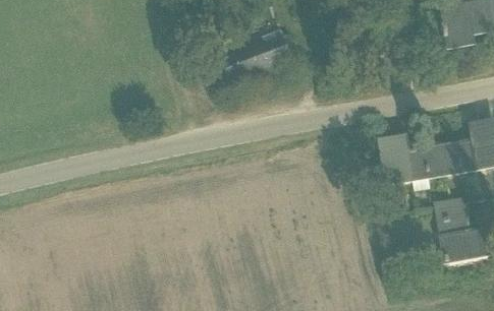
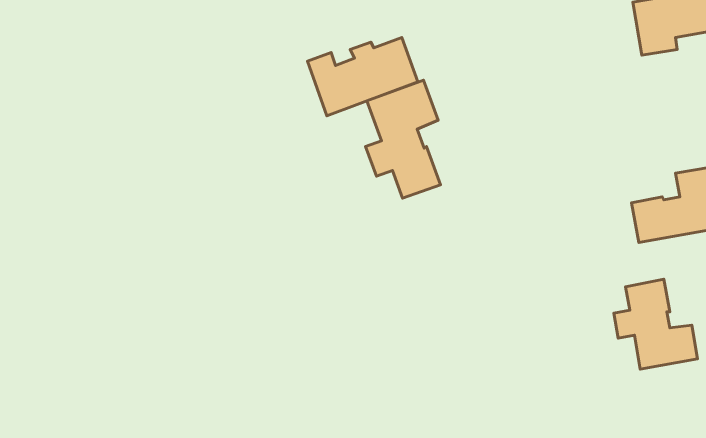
building: none -> [366,80,441,198]
building: [382,135,447,181] -> none

